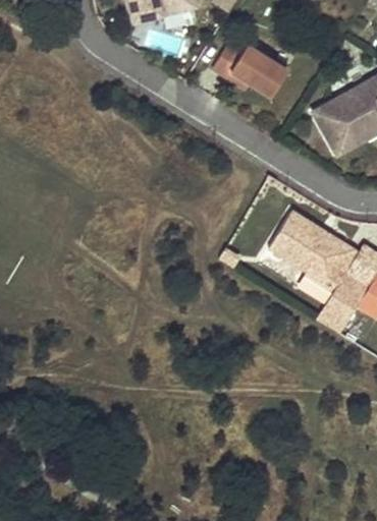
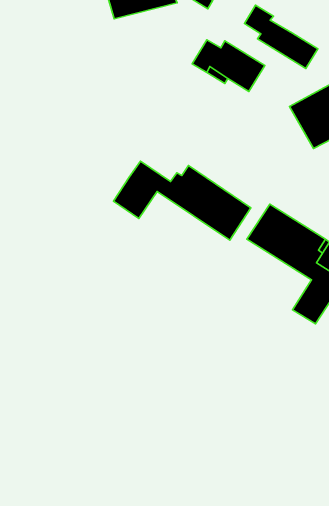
building: none -> [245,5,318,68]
building: none -> [113,161,251,240]

